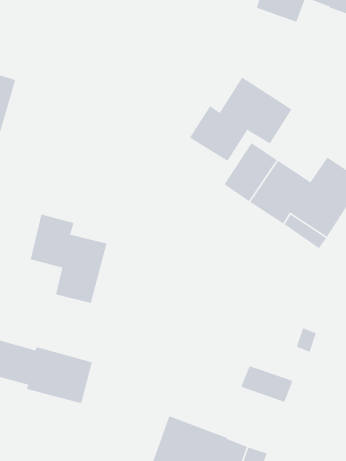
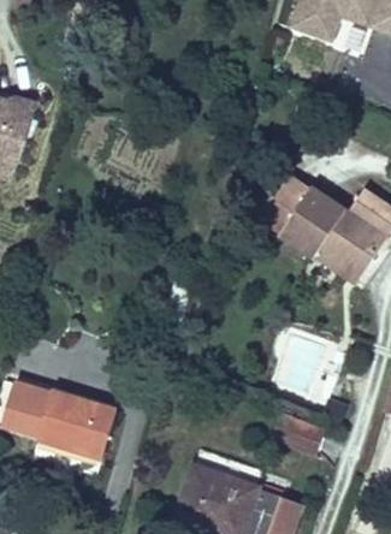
building: [189,76,292,162] -> none
building: [30,214,108,304] -> none

